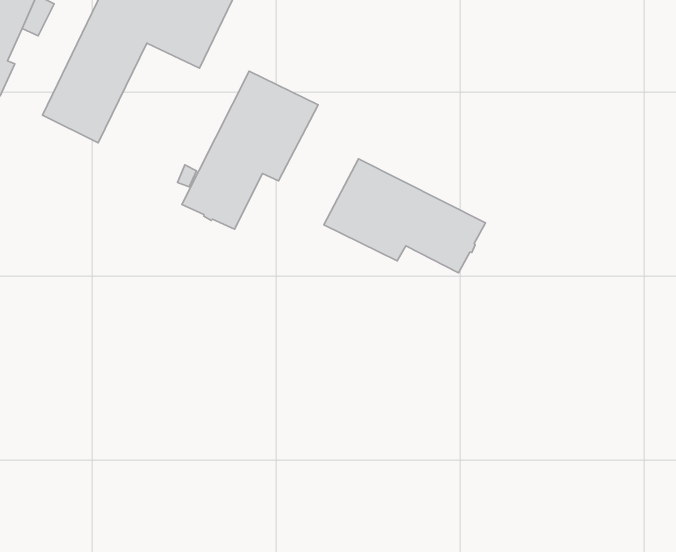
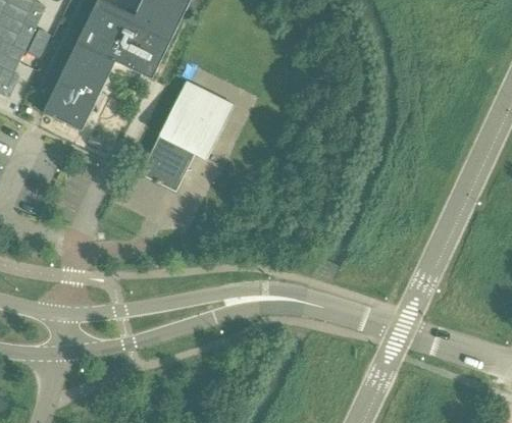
building: [324,159,485,273] -> none

